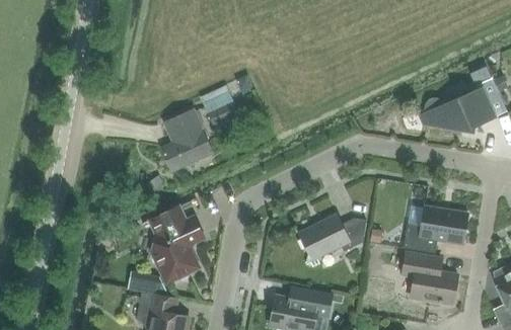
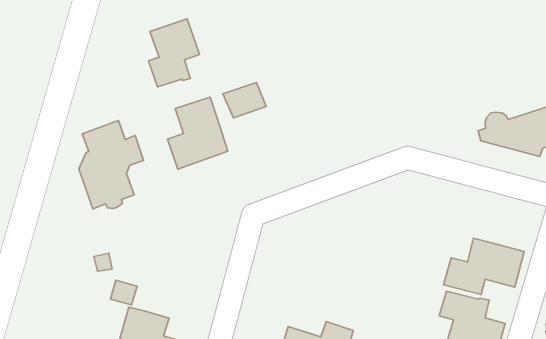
building: none -> [148,19,199,87]
building: [150,205,204,281] -> [79,121,144,209]
building: [298,213,367,266] -> none

